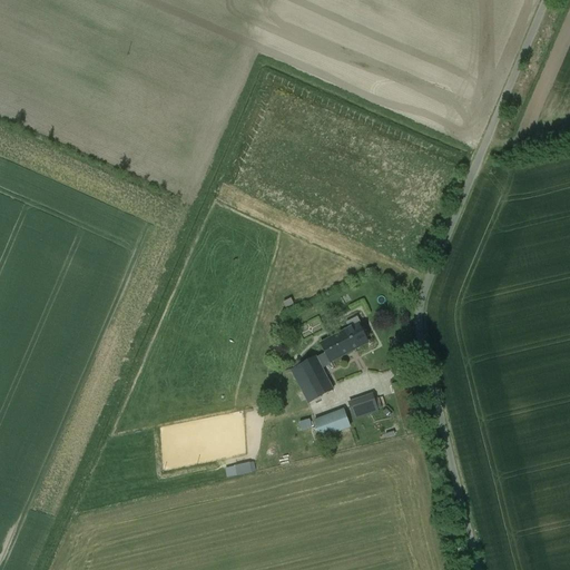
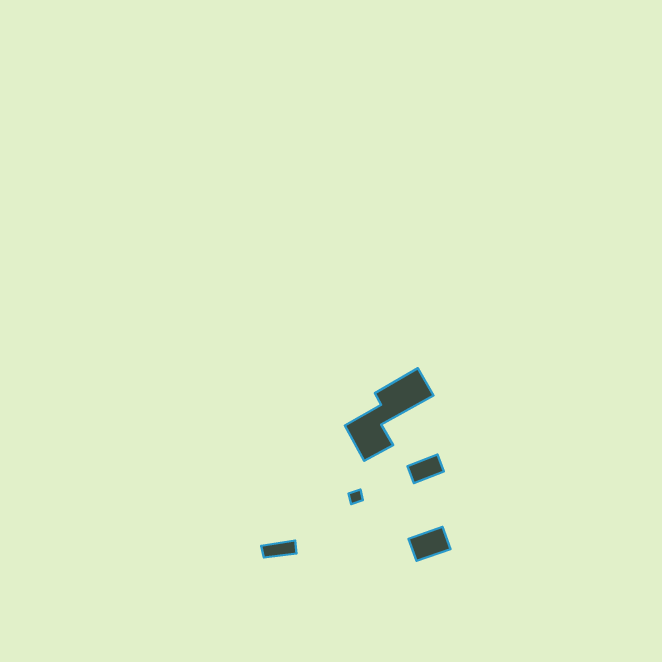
building: [313,407,348,436] -> [409,527,450,561]

